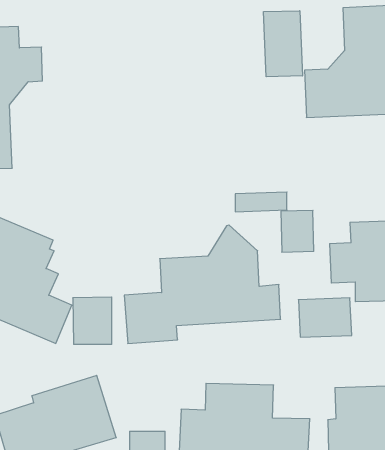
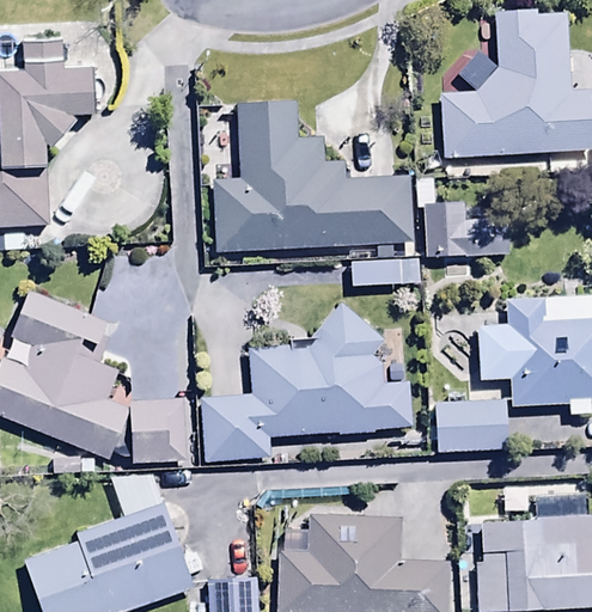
building: [264,11,302,77] -> none
building: none -> [214,99,417,252]
building: [281,210,314,252] -> [423,202,468,258]

